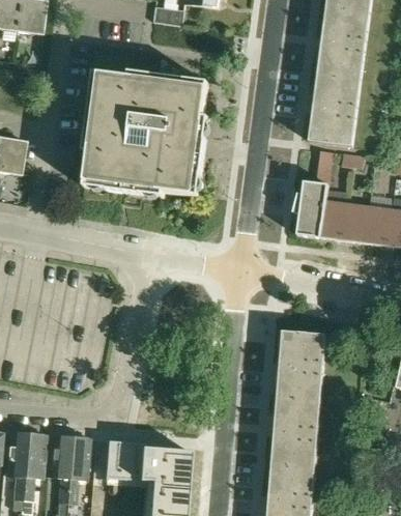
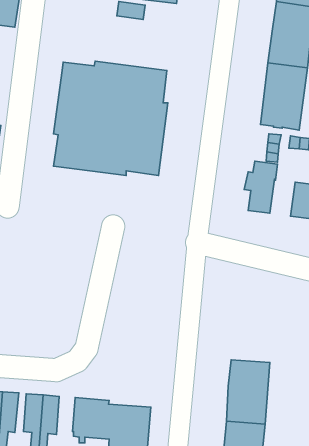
building: [320,200,348,240] -> none
building: [278,331,326,401] -> none

